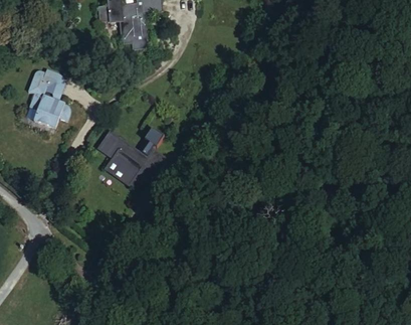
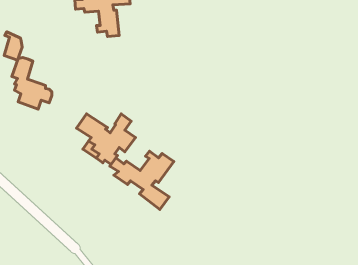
building: [45,68,65,100] -> [4,32,22,60]
building: none -> [110,151,174,209]

